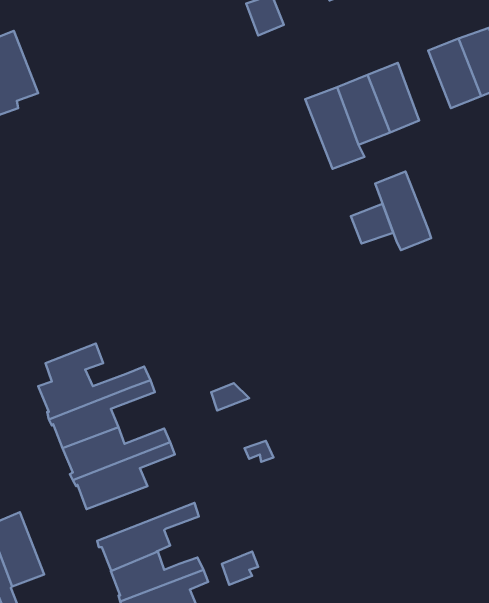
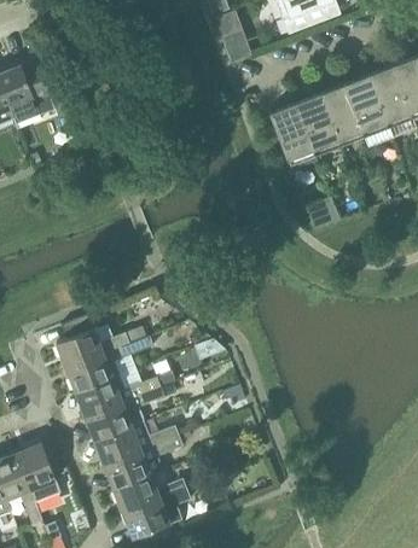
building: [375,171,431,250] -> [342,76,387,139]
building: none -> [94,422,198,466]

